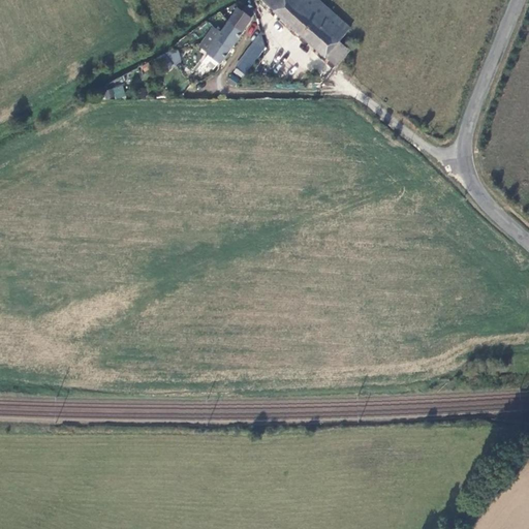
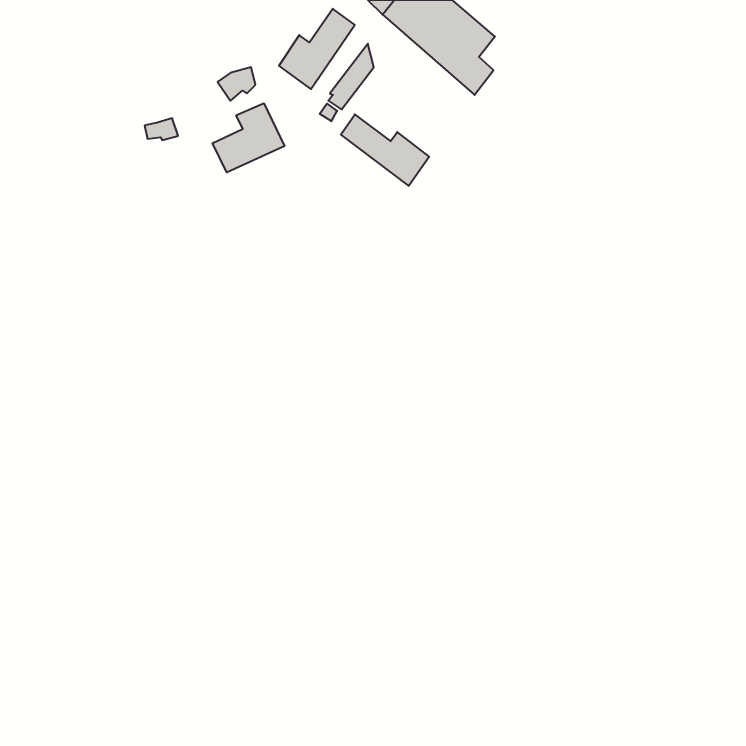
building: none -> [213,103,284,172]
building: none -> [341,114,429,186]

